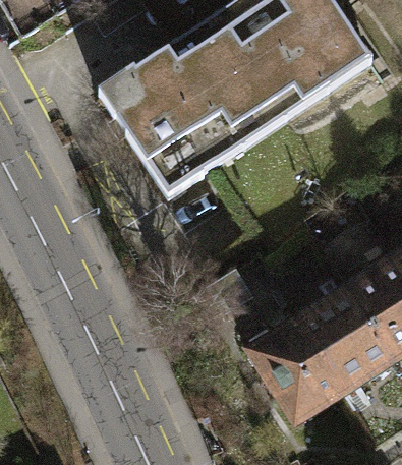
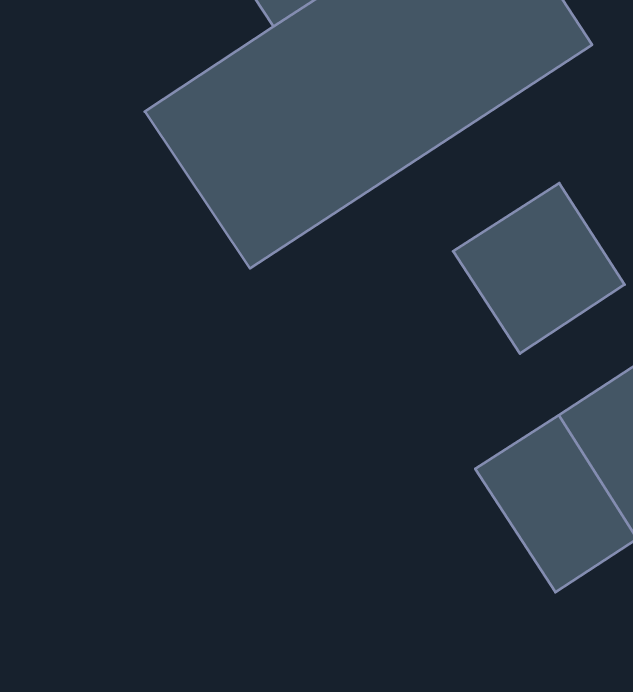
building: none -> [453,183,625,354]
building: [247,315,347,423] -> none

